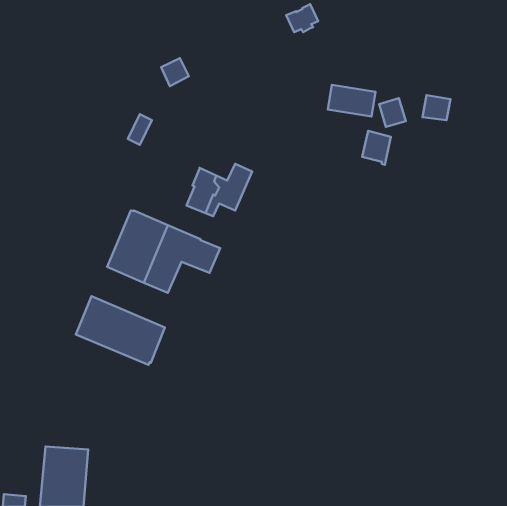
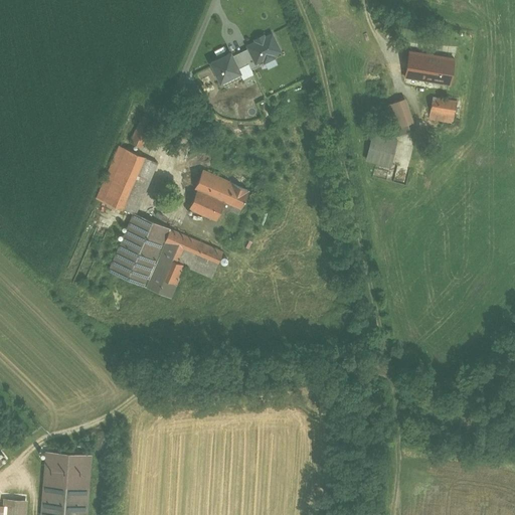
building: [286,4,318,32] -> [247,35,280,63]
building: [161,58,189,86] -> [211,54,239,82]
building: [328,85,376,116] -> [405,51,454,83]
building: none -> [97,147,158,215]
building: [76,296,165,365] -> none

